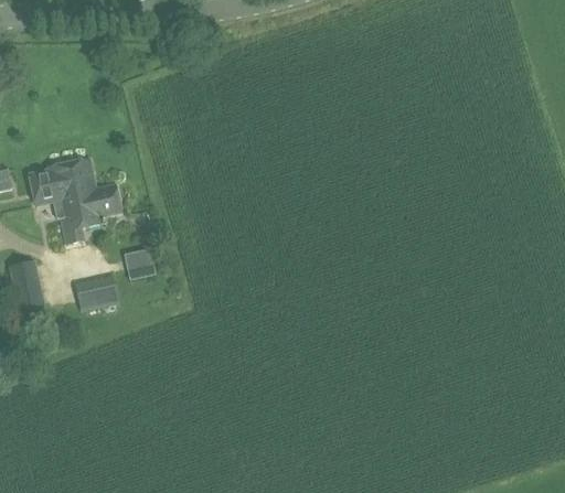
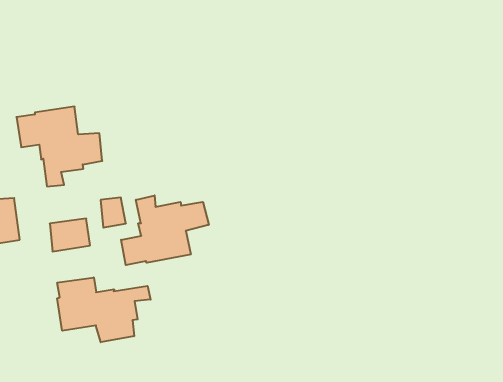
building: none -> [121,195,209,265]
building: none -> [57,277,151,342]

